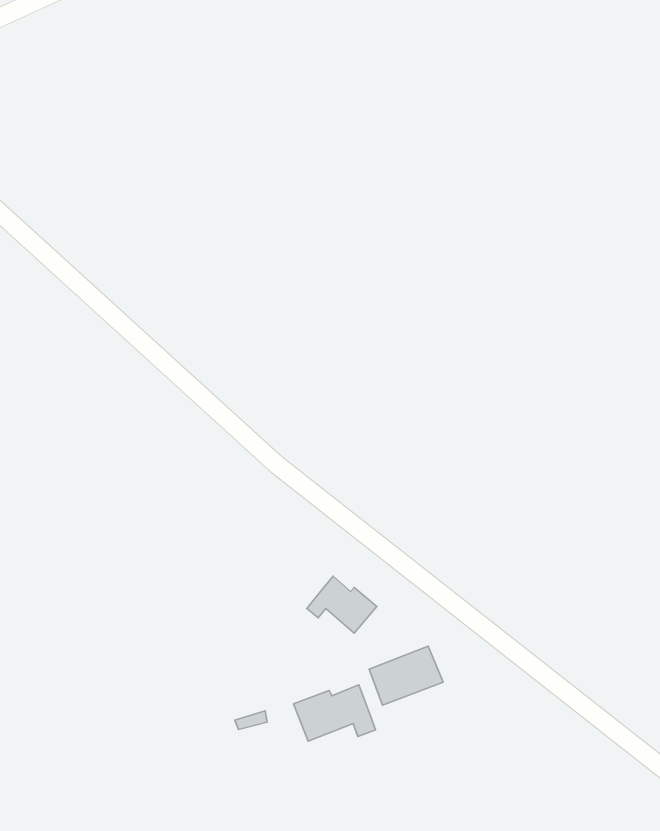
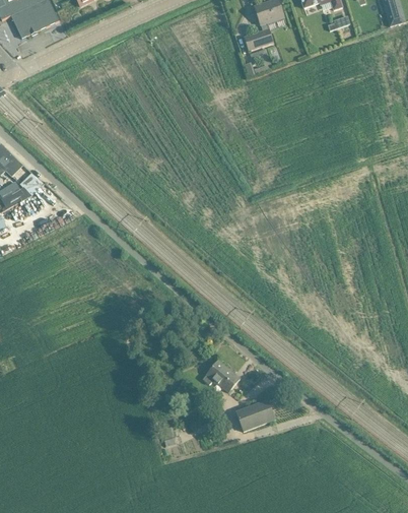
building: [293,685,376,741] -> none

